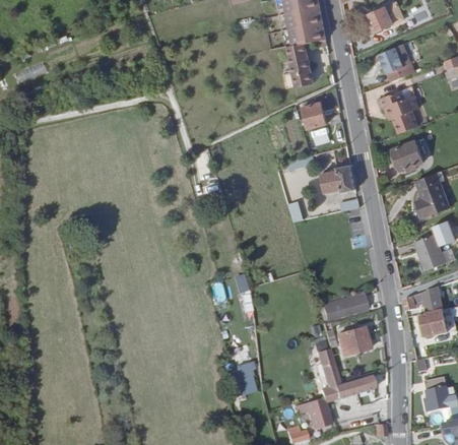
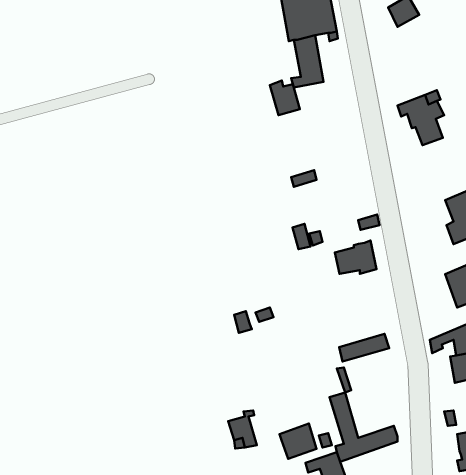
building: [379,43,414,80] -> none
building: [300,98,325,127] -> [270,80,300,115]
building: [392,139,422,171] -> none
building: [320,161,355,189] -> [335,240,377,274]
building: [338,326,371,355] -> none
building: none -> [279,424,316,459]

